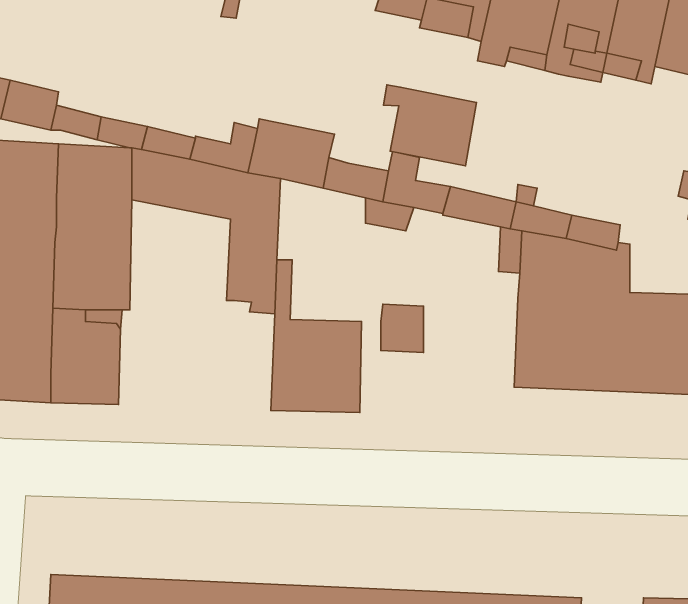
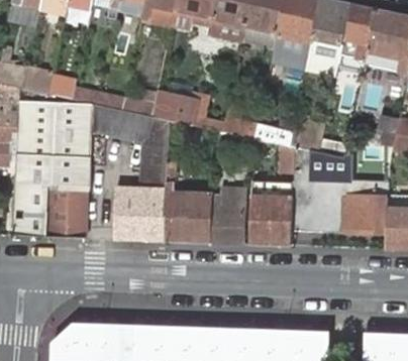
building: [383,85,477,166] -> none
building: none -> [250,179,294,243]
building: none -> [115,187,167,239]
building: none -> [211,193,244,241]

